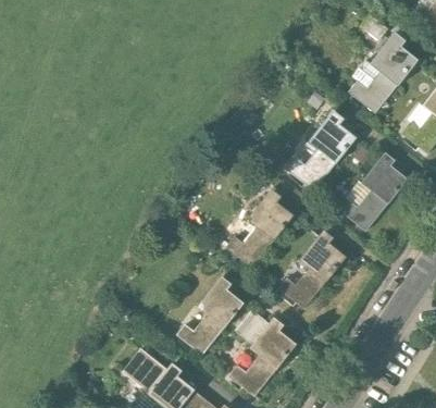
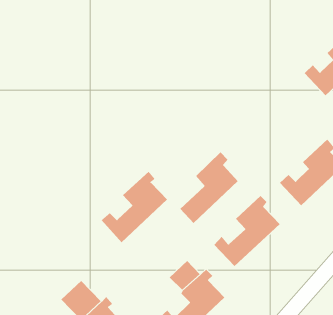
building: [287,112,354,189] -> none
building: [176,271,246,354] -> [101,171,168,243]

